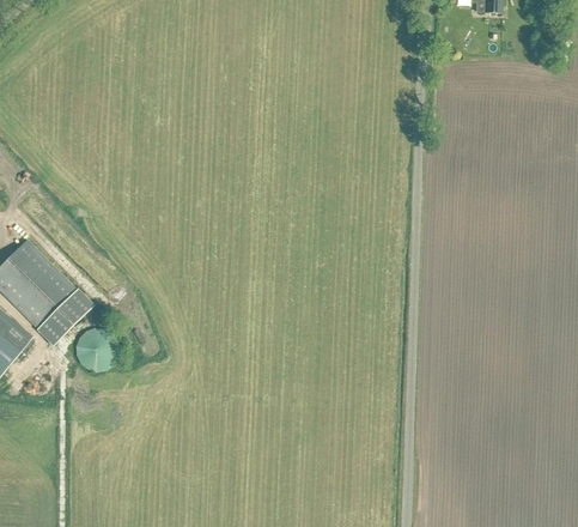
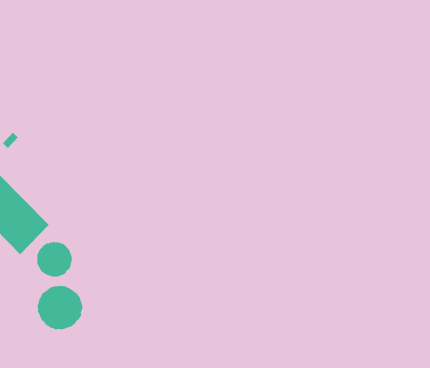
building: none -> [37,285,83,330]

